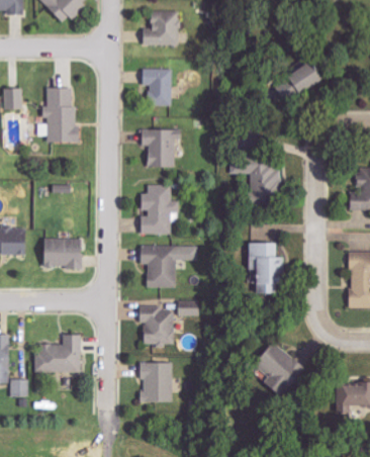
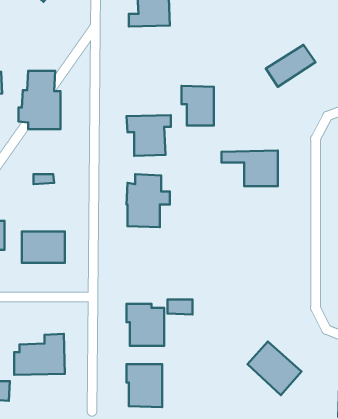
building: [142,68,172,105] -> [182,86,214,126]
building: [250,243,278,294] -> none
building: [140,245,199,287] -> none

